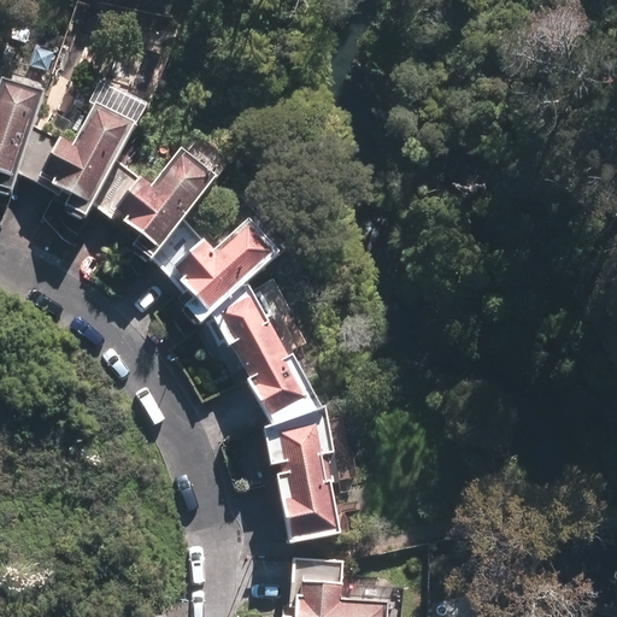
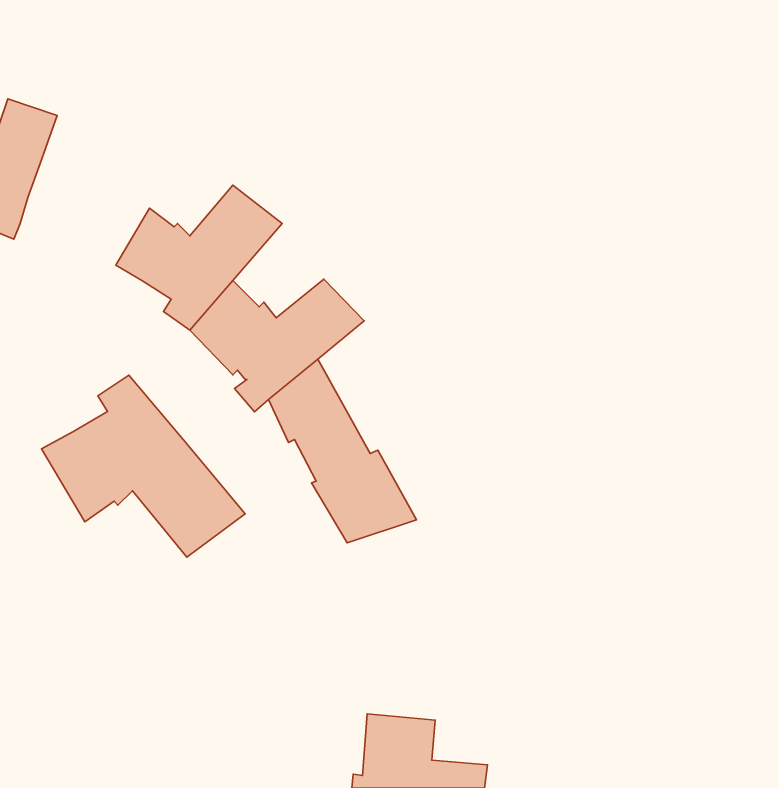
building: [16,104,140,217] -> none
building: none -> [42,375,245,557]
building: [260,405,340,540] -> none

